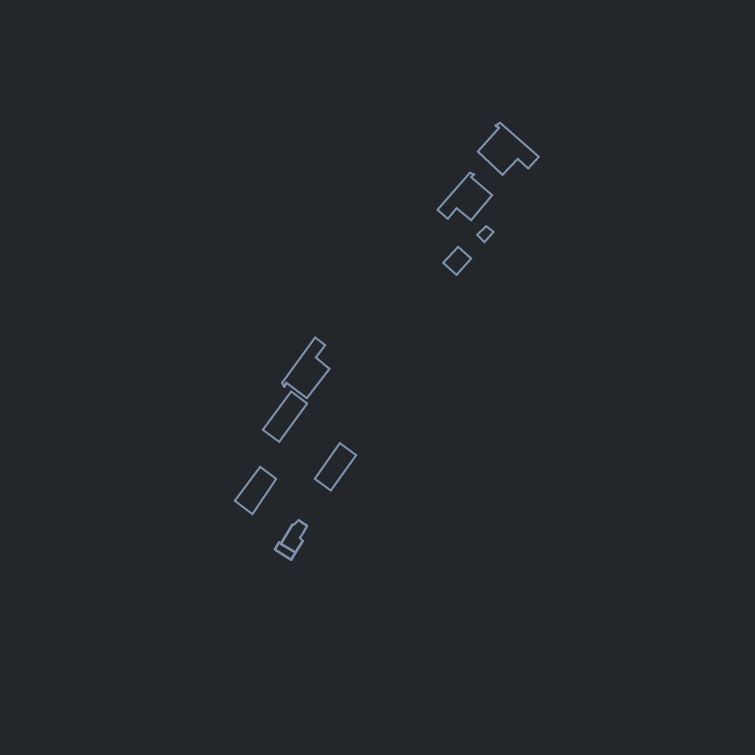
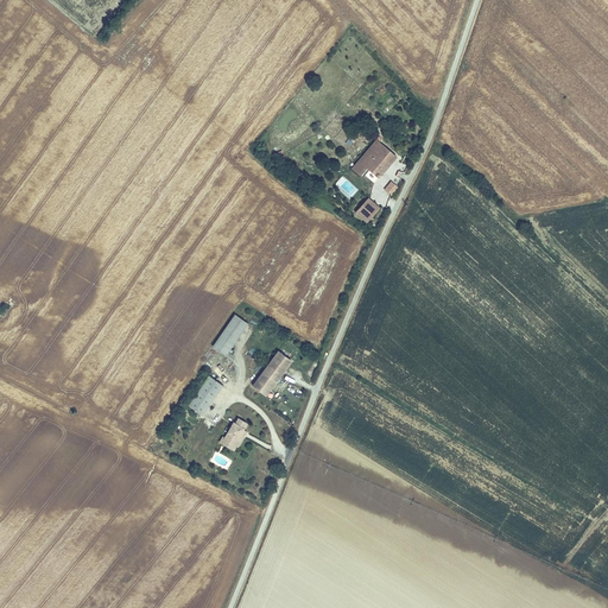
building: [478,123,539,175] -> none
building: [282,338,329,398] -> none

